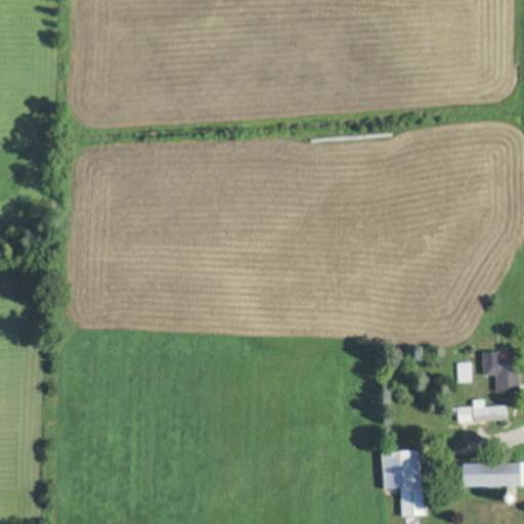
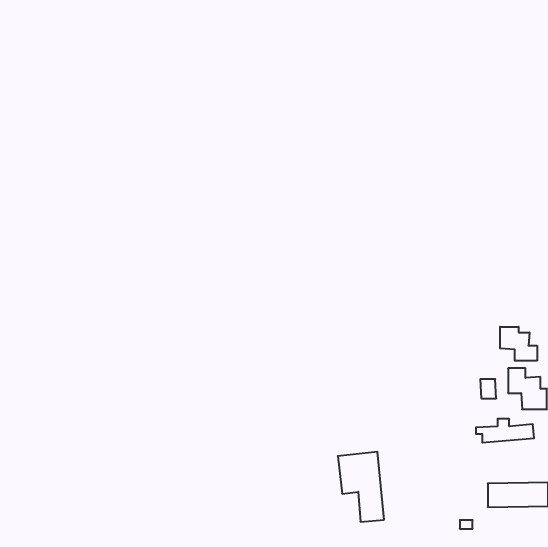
building: none -> [500,327,537,361]
building: [381,451,425,518] -> [338,452,384,522]

